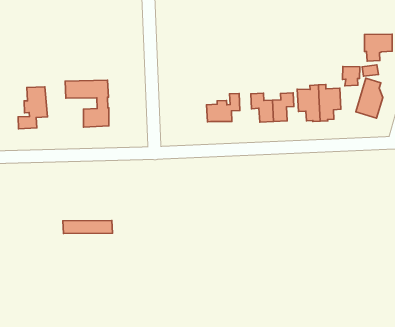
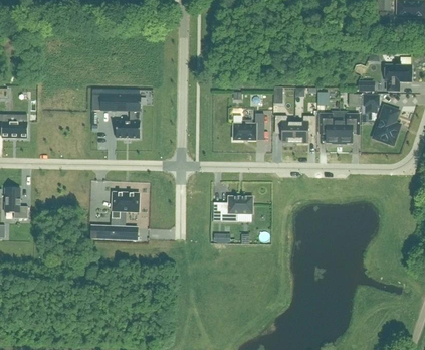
building: [18,87,48,129] -> none
building: none -> [219,195,252,220]
building: none -> [112,191,138,216]

